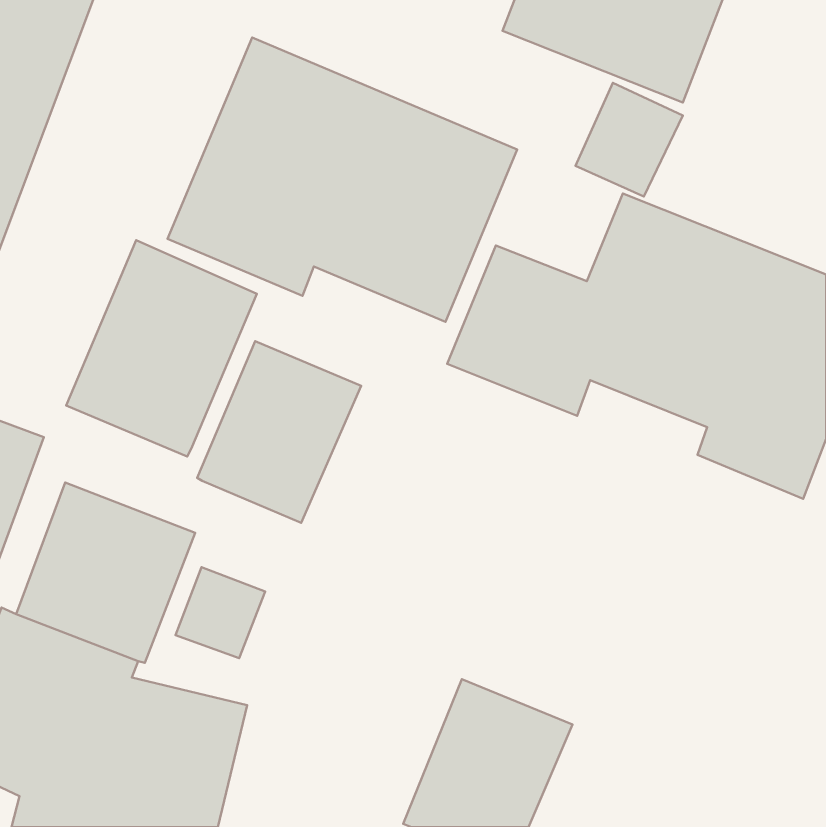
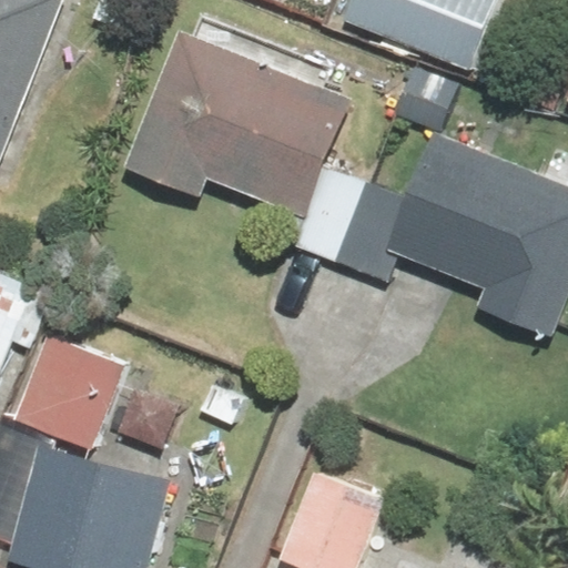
building: [66,240,257,457] -> none
building: [197,341,361,523] -> none

